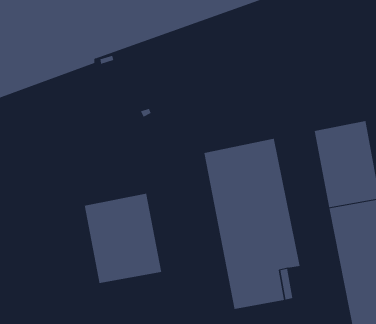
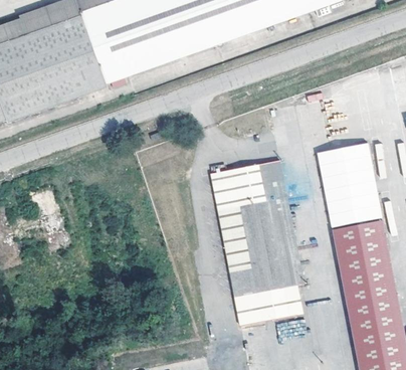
building: [84,193,162,284] -> none

